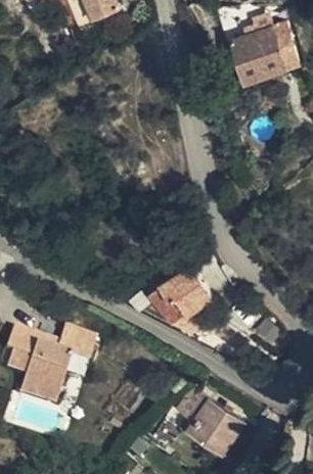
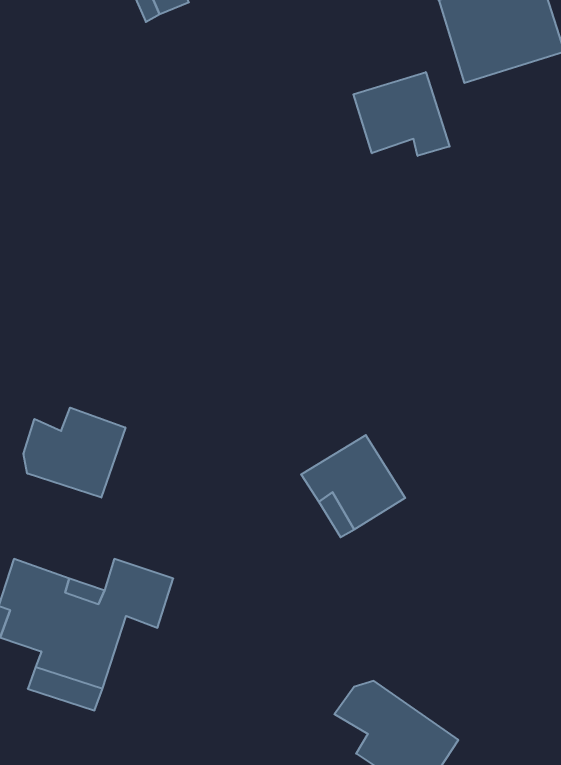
building: none -> [353,72,450,156]
building: none -> [24,408,125,498]

